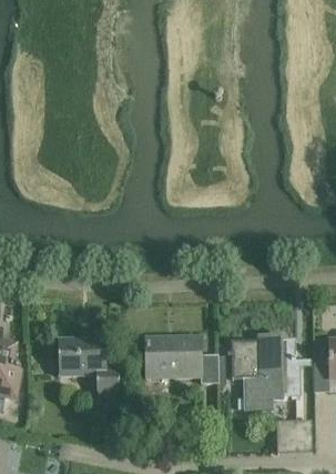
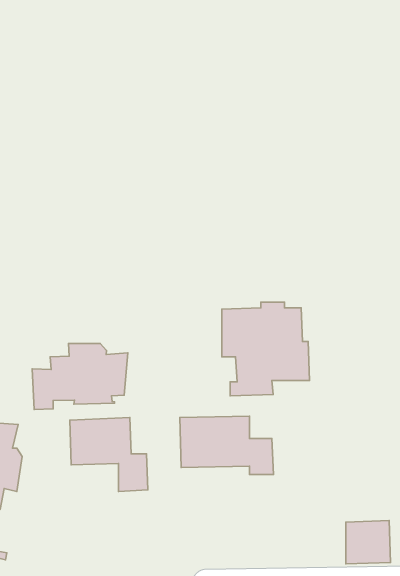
building: none -> [32,343,128,410]
building: [232,335,302,410] -> [222,302,310,396]

